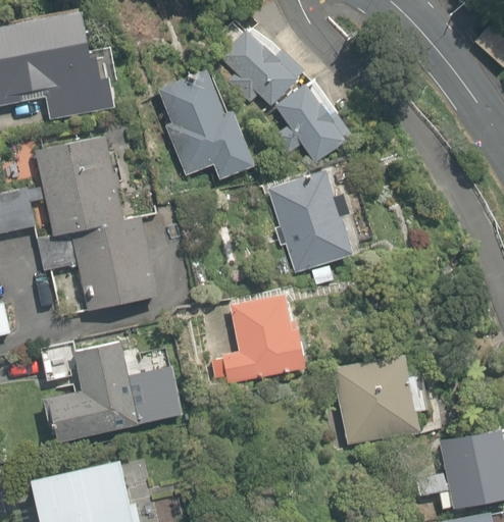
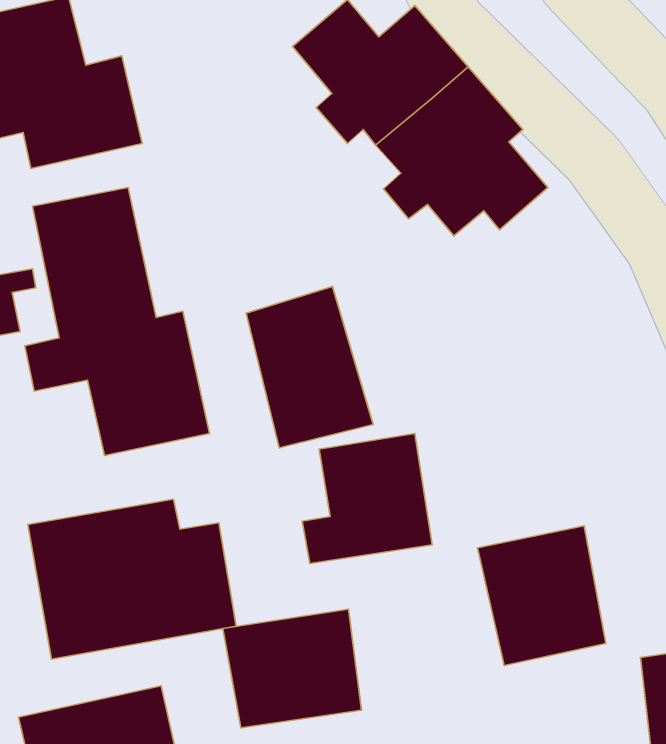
building: [158,70,256,184] -> none
building: [275,171,358,276] -> [246,286,373,448]
building: none -> [223,609,361,728]

